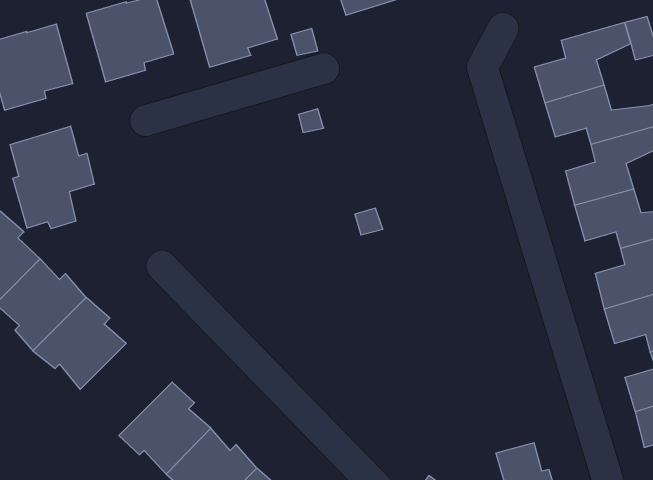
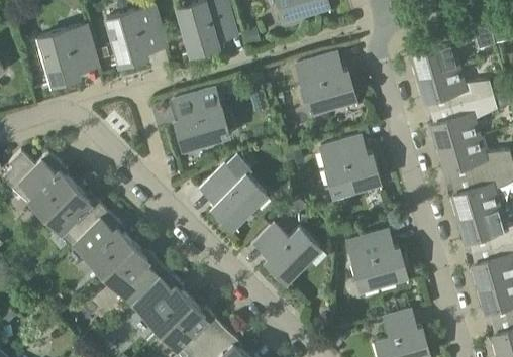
building: none -> [296,54,355,114]
building: none -> [174,90,228,157]
building: [10,126,94,229] -> none
building: none -> [320,138,380,197]
building: none -> [201,156,266,230]
building: none -> [254,226,320,283]
building: none -> [347,232,407,291]
building: none -> [102,244,165,307]

